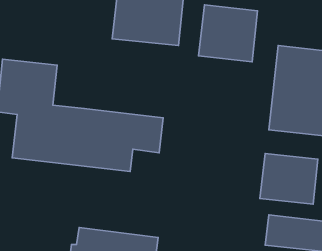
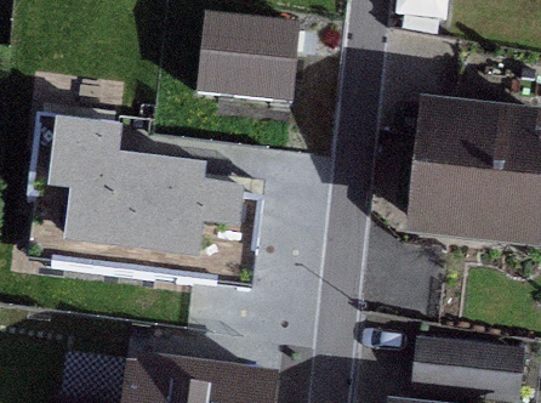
building: [199,5,258,62] -> none
building: [260,153,318,204] -> none

